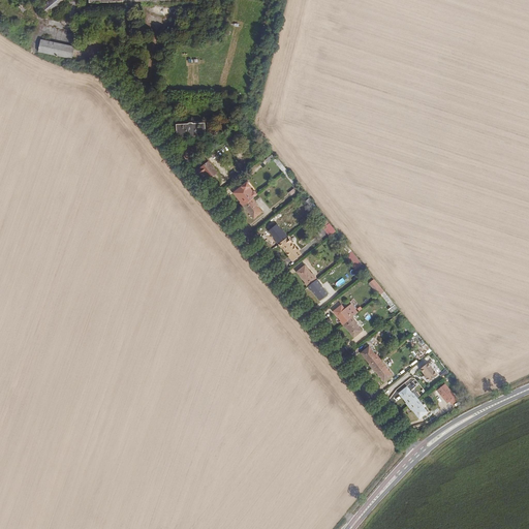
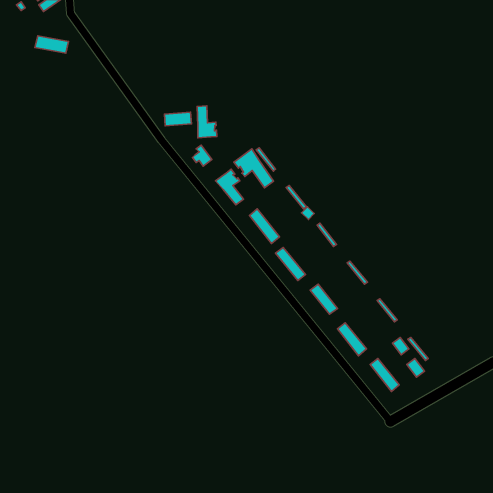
building: none -> [197,106,217,138]
building: none -> [234,149,273,188]

